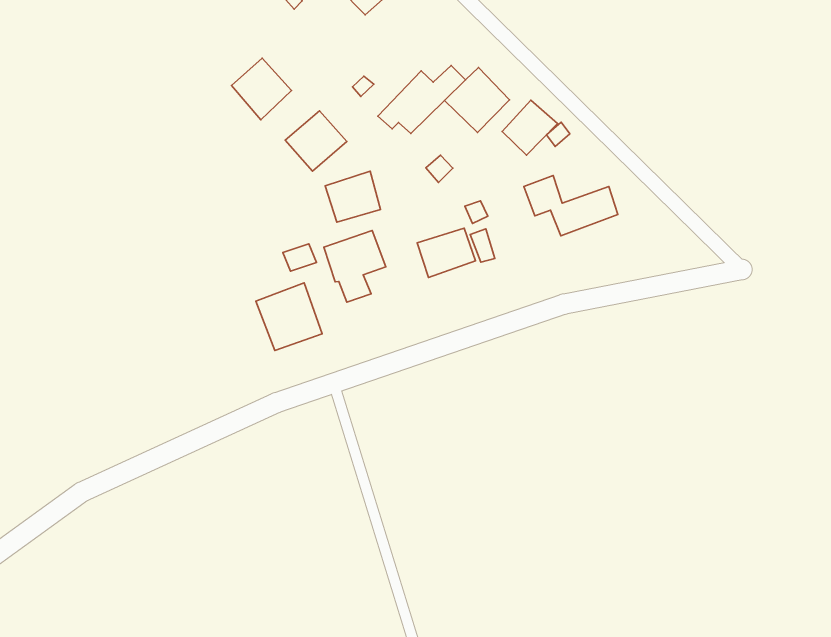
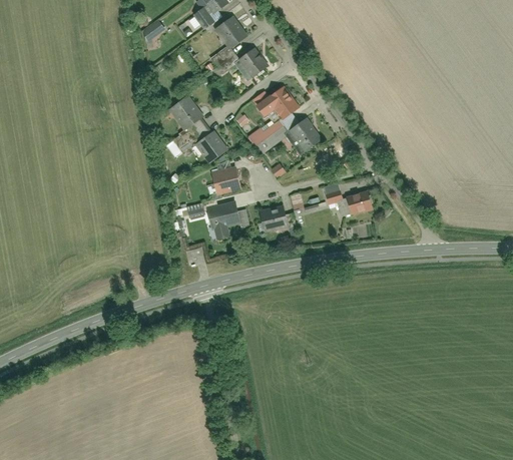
building: none -> [251,83,301,119]
building: [502,100,558,155] -> none
building: [256,283,322,350] -> none

